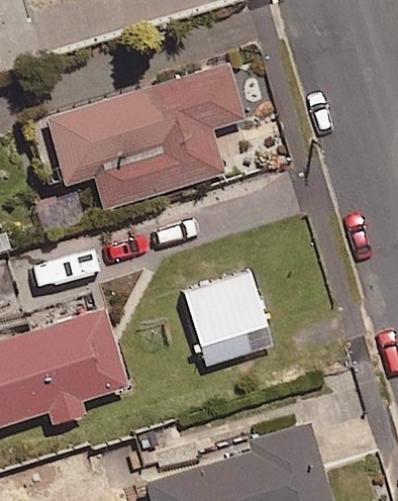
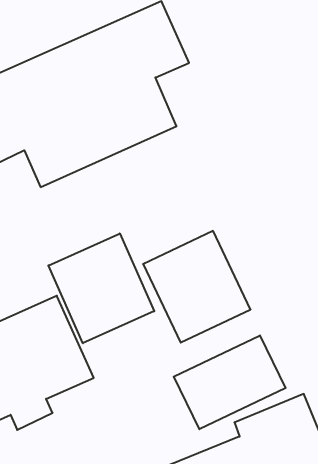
building: none -> [48,233,154,343]
building: none -> [174,335,286,429]

